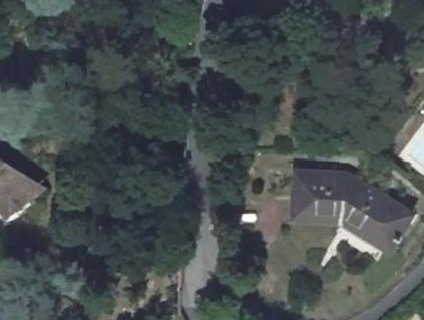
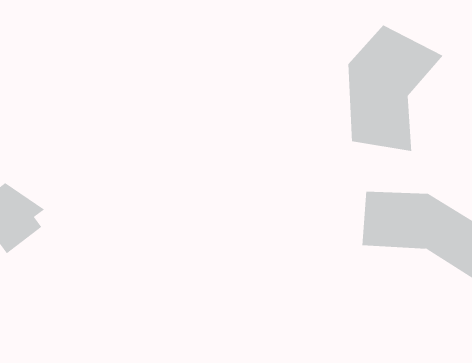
building: none -> [348,25,443,152]

